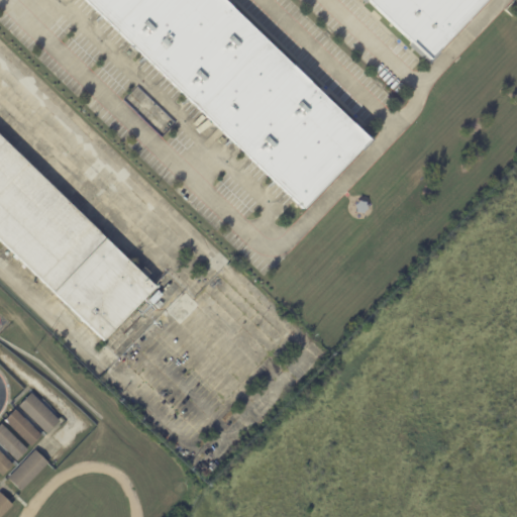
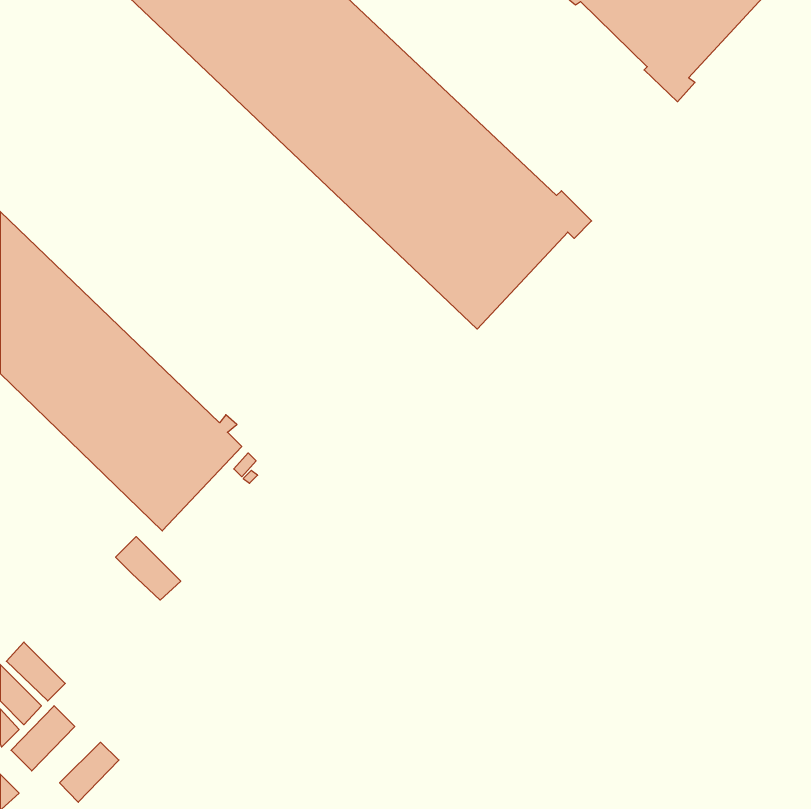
building: [18,392,60,432] -> [116,537,181,600]
building: none -> [60,742,119,802]

